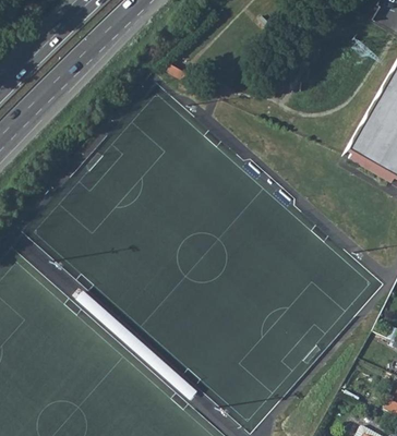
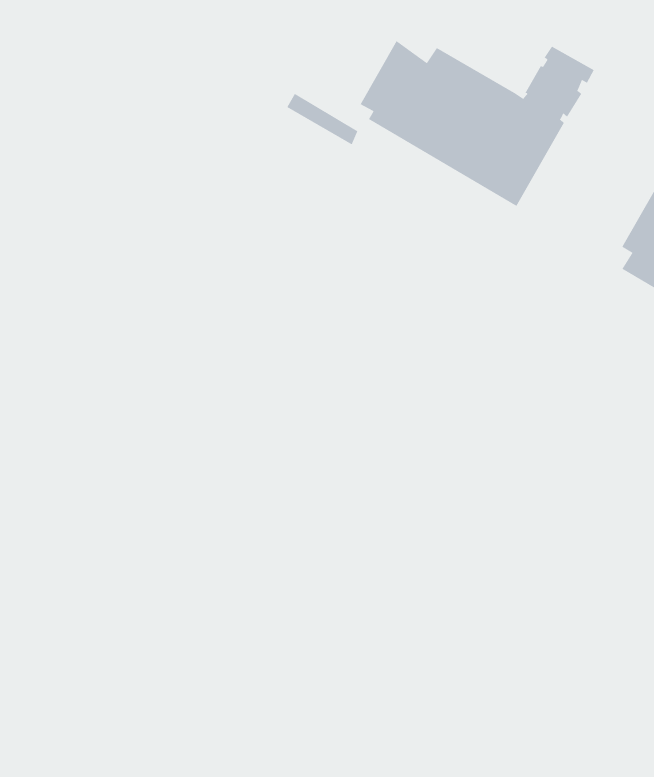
building: none -> [360,40,594,207]

